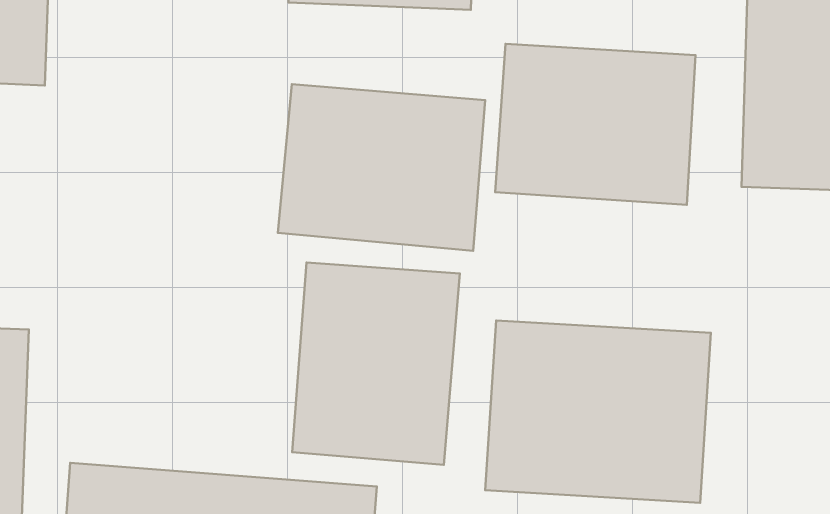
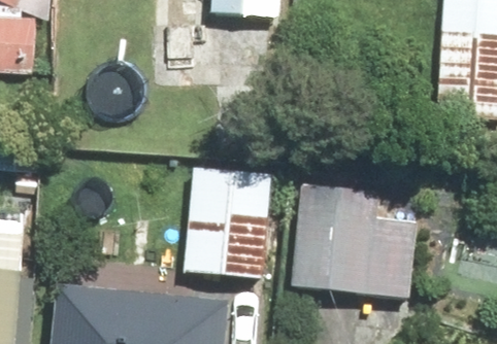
building: [495,44,695,205] -> none
building: [278,84,485,251] -> none

